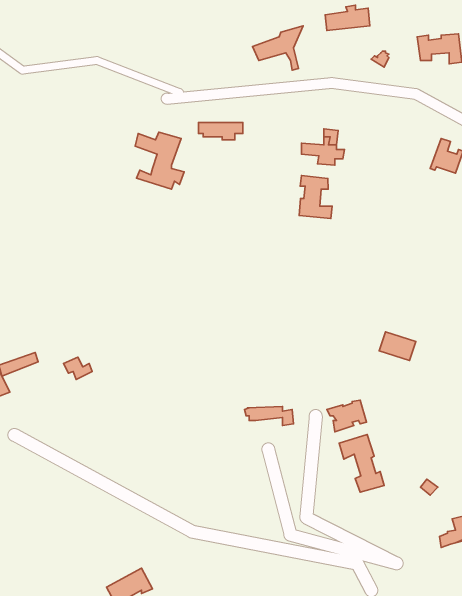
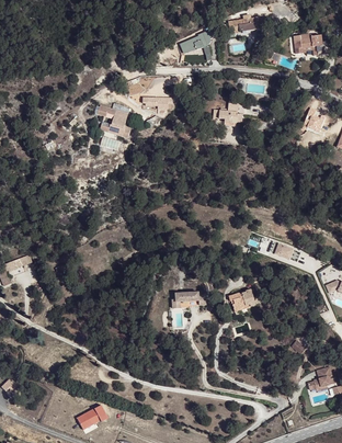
building: [299,175,332,218] -> none
building: [339,435,384,492] -> none

